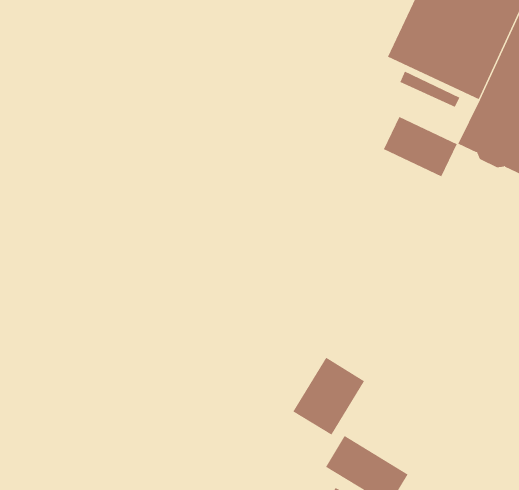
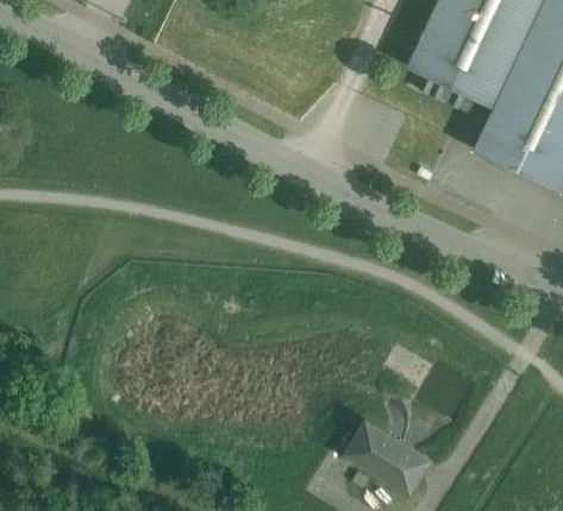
building: [383,116,458,177] -> none
building: [293,357,365,436] -> none

